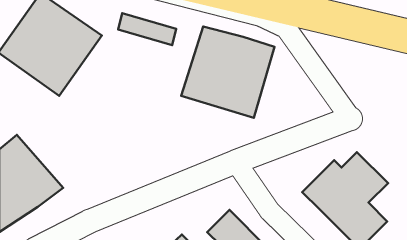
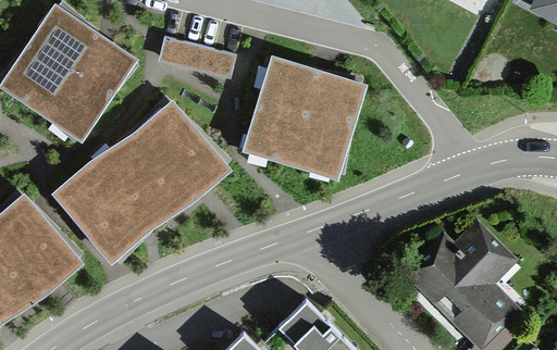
building: none -> [51,104,232,264]

